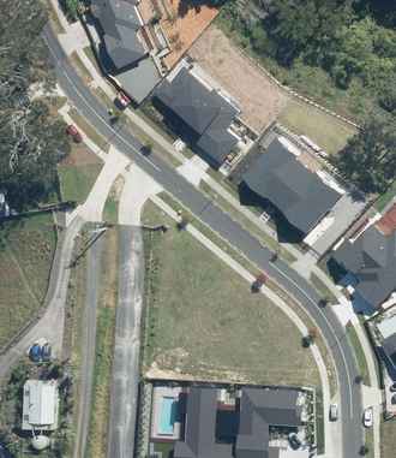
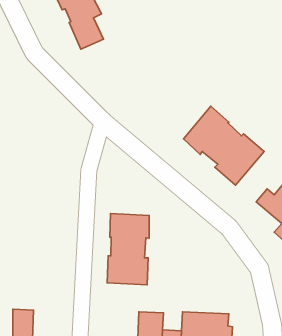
building: [151,67,240,163] -> none
building: none -> [107,214,149,285]

